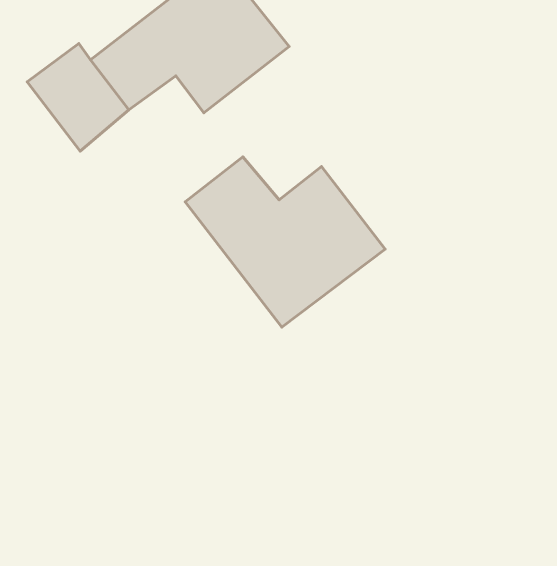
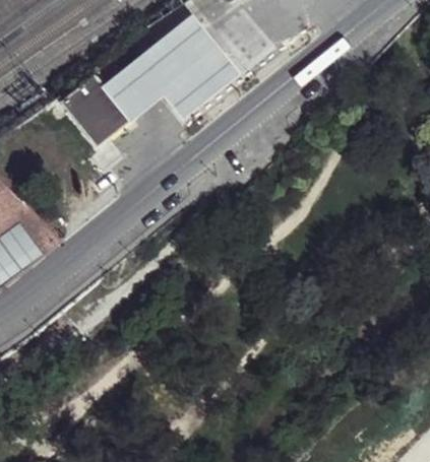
building: [185,157,385,327] -> none

